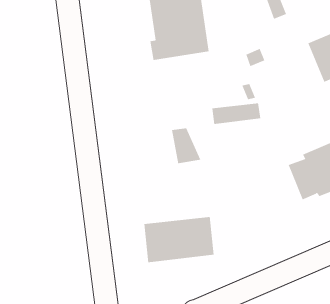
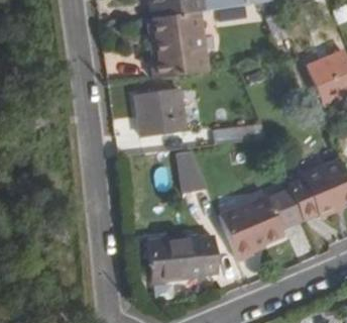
building: none -> [136,88,184,136]
building: none -> [218,191,303,259]

